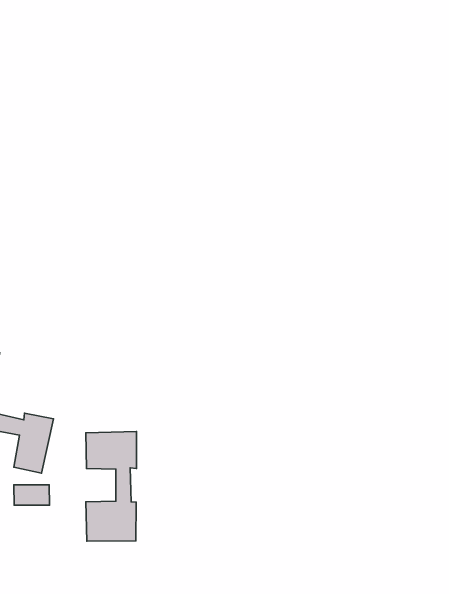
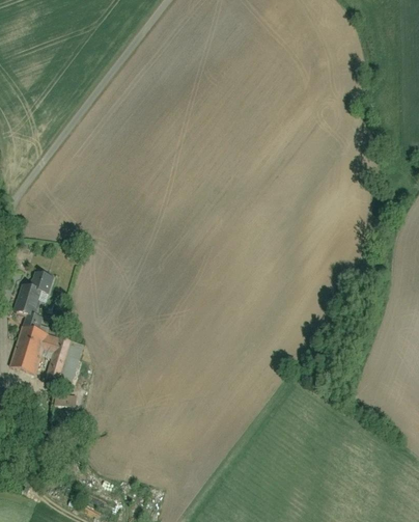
building: [86,431,137,541] -> none

